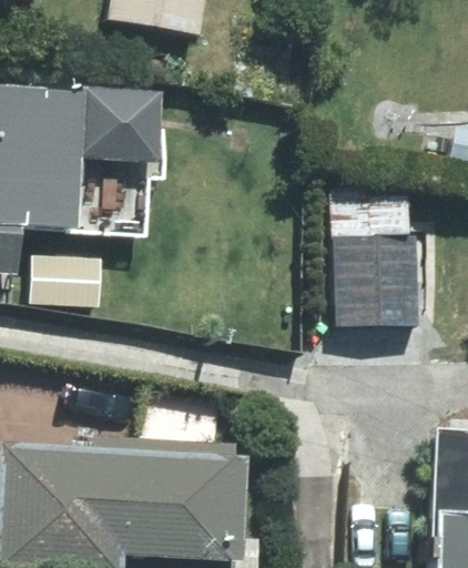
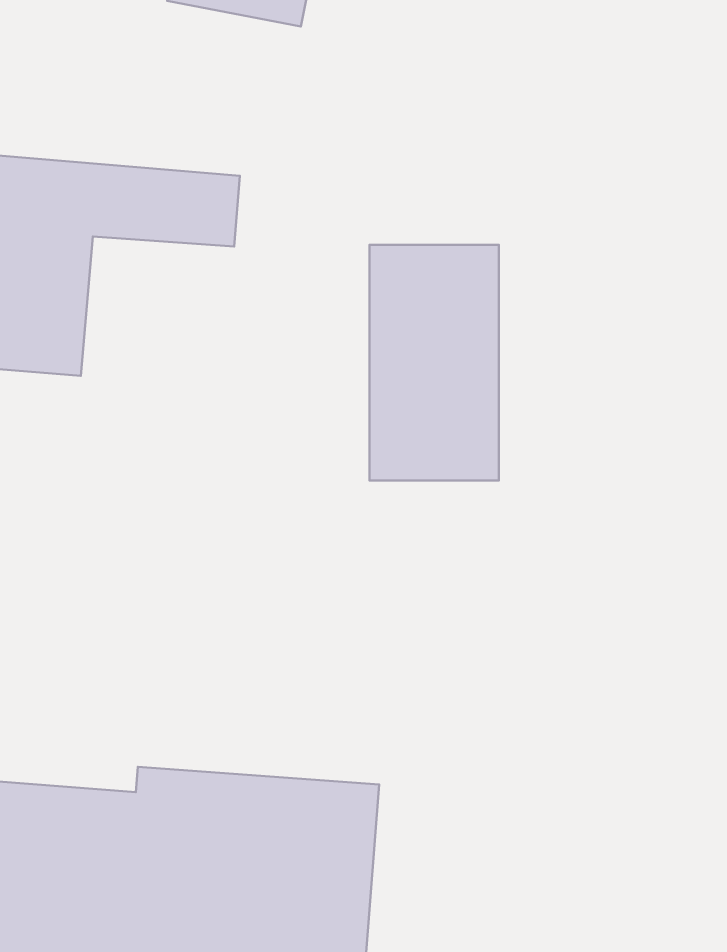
building: [344,192,417,325] -> [369,245,499,480]

